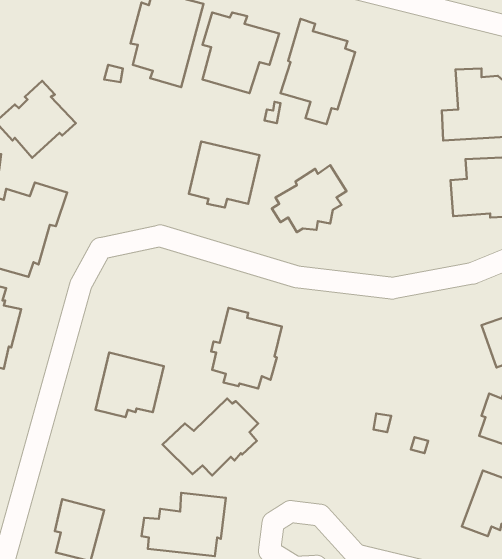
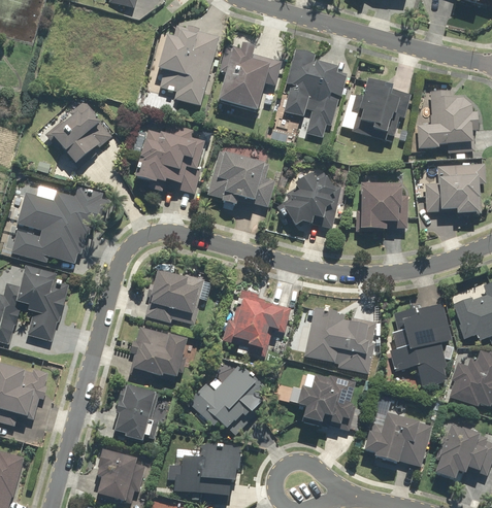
building: none -> [341,80,412,141]
building: none -> [135,128,206,196]
building: none -> [357,181,403,232]
building: none -> [145,270,211,325]
building: none -> [389,303,454,386]
building: none -> [304,307,375,372]
building: none -> [298,372,355,424]
building: none -> [114,384,157,441]
building: none -> [364,412,432,466]

